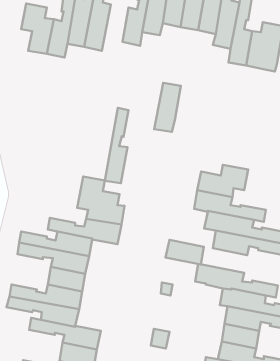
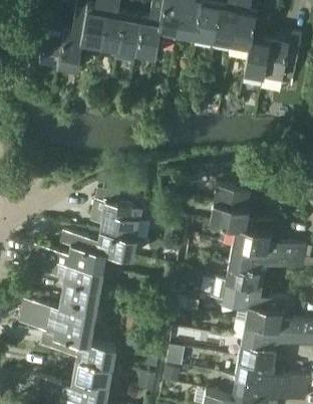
building: [154,83,181,132] -> [117,12,144,62]
building: [105,108,129,183] -> none
building: [166,240,204,264] -> [227,261,266,286]

